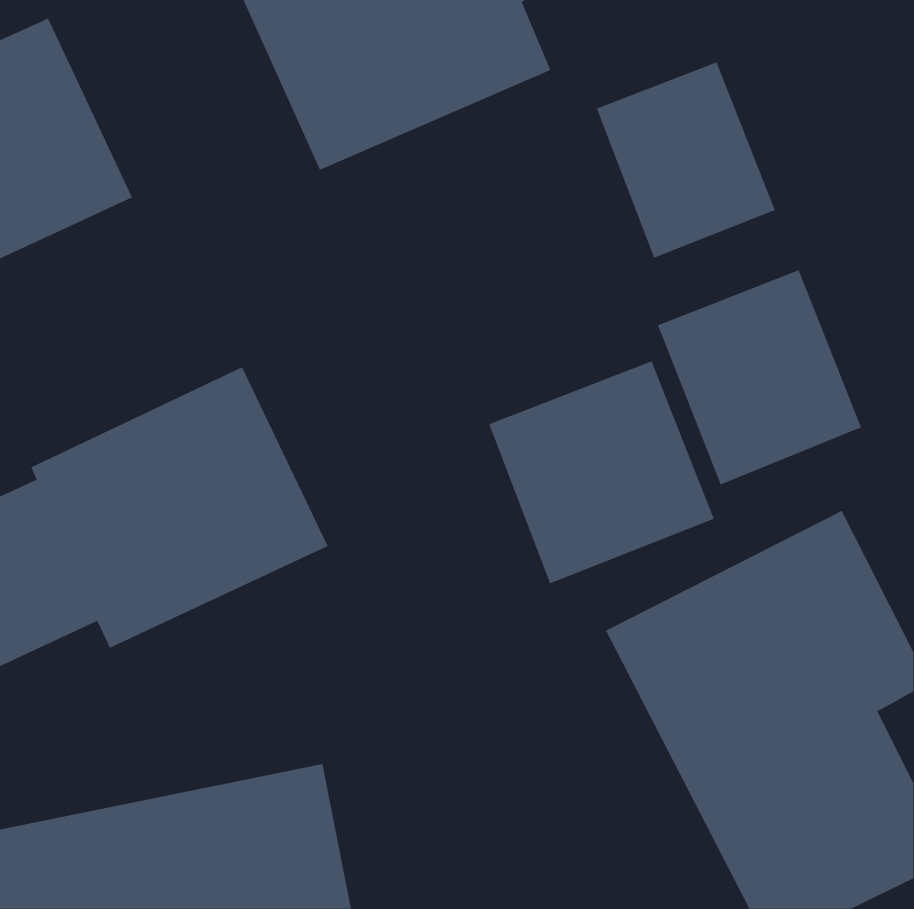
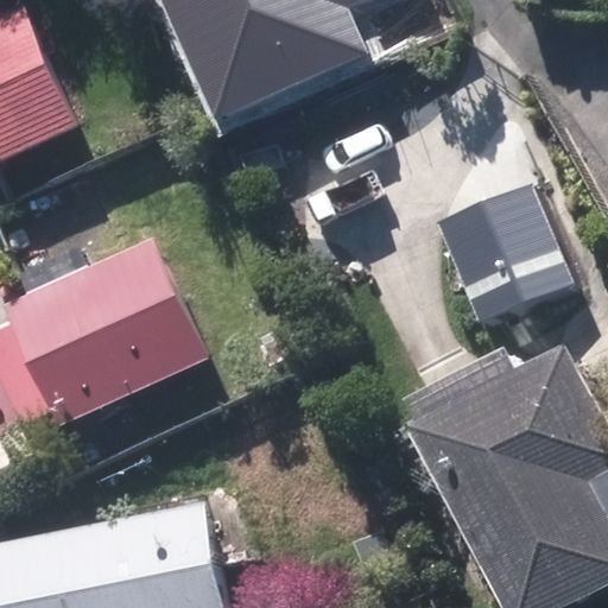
building: [596,61,776,258] -> none
building: [489,360,714,584] -> none

